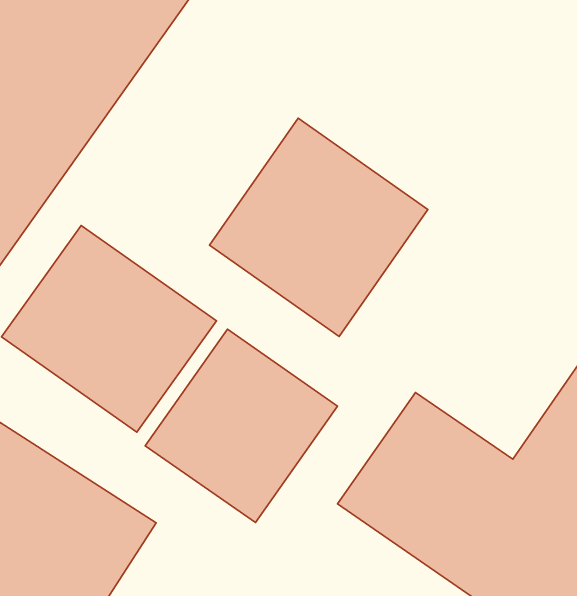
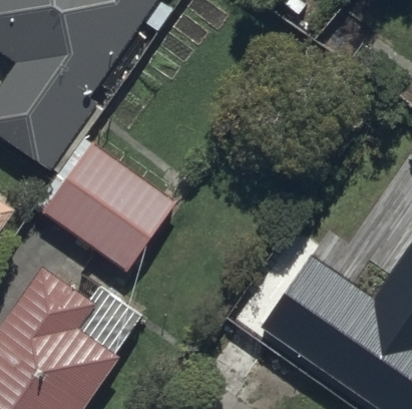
building: [210,118,428,336] -> none
building: [145,329,338,523] -> none

